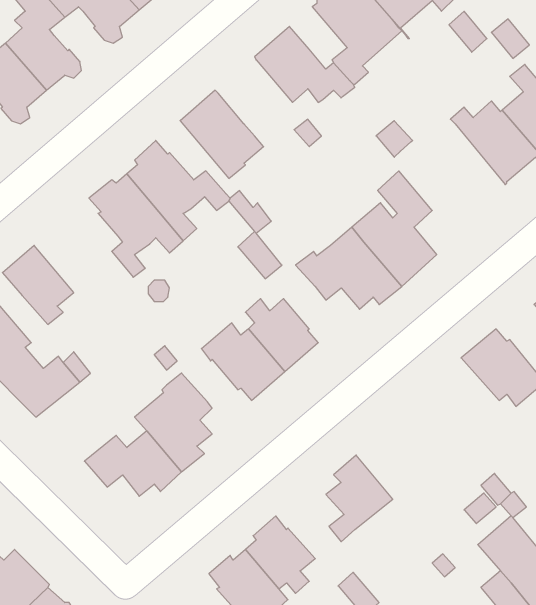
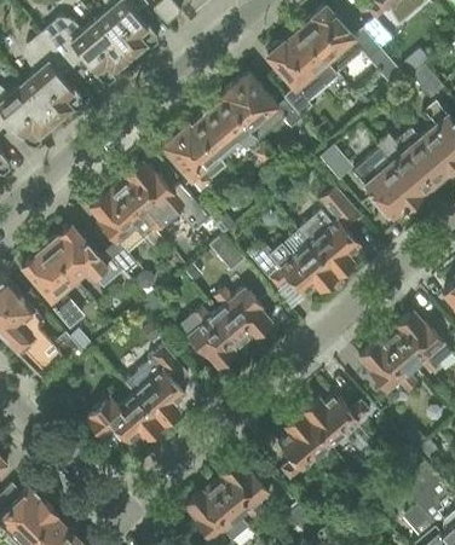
building: none -> [192,98,259,158]
building: none -> [353,149,421,219]
building: none -> [46,225,125,289]
building: none -> [359,335,419,394]
building: none -> [303,395,370,447]

